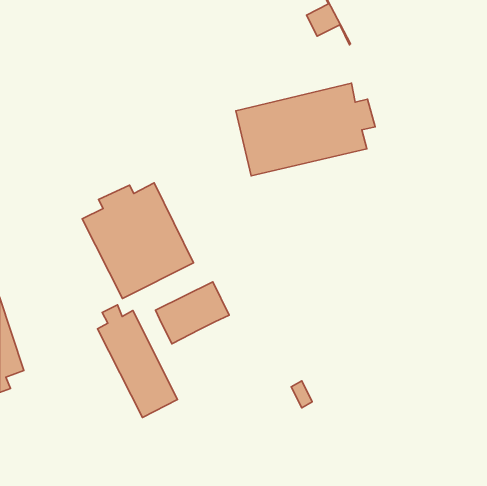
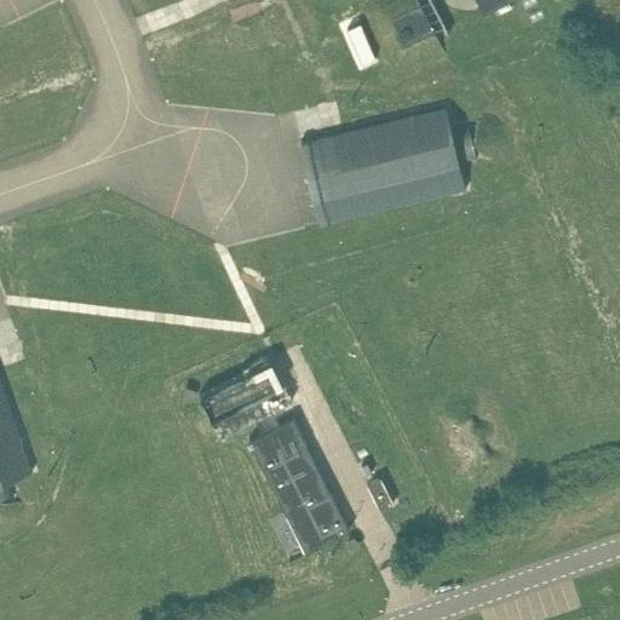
building: [82,183,194,298] -> none
building: [97,305,178,418] -> [247,411,349,553]

